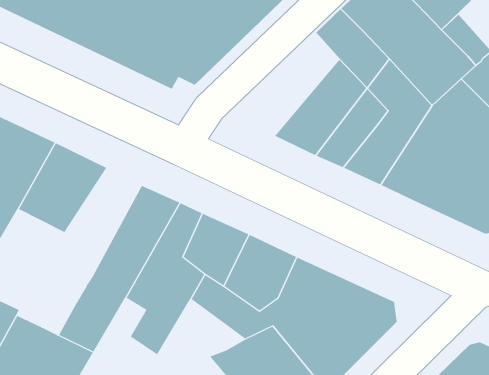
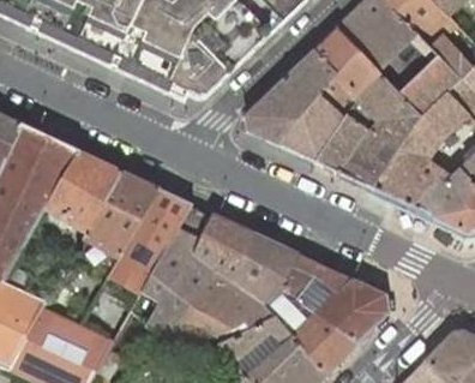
building: none -> [245,49,336,143]
building: none -> [84,172,157,269]
building: none -> [172,291,251,341]

